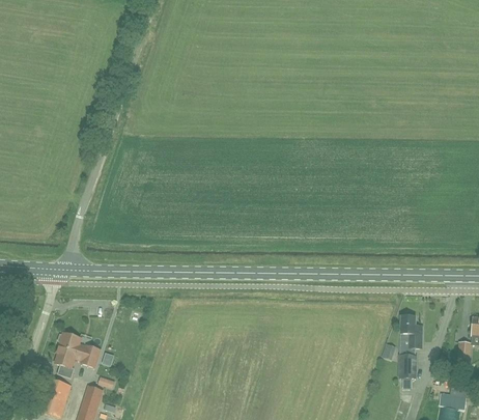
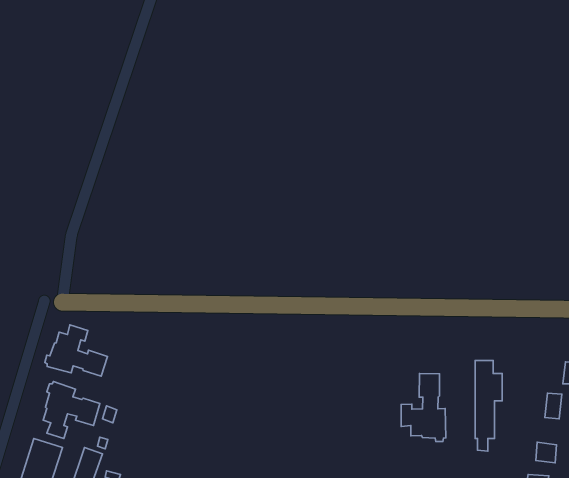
building: none -> [45,325,108,376]
building: none -> [401,374,446,442]

